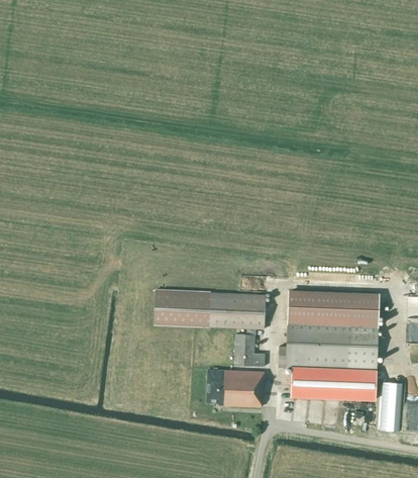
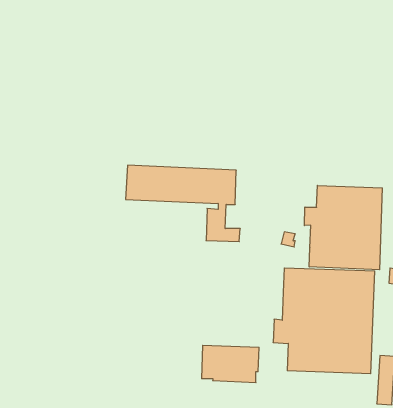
building: none -> [304,185,382,270]
building: [153,289,269,366] -> [126,165,240,242]

